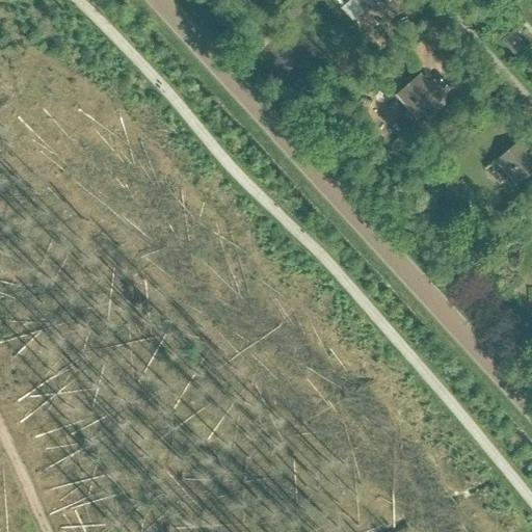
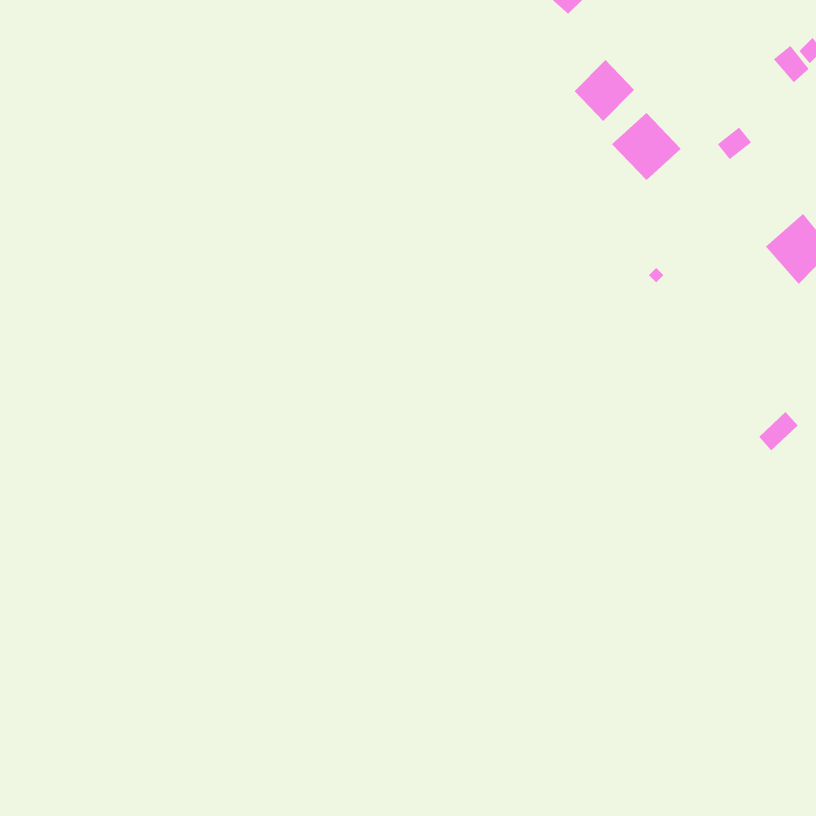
building: none -> [574,59,635,122]

